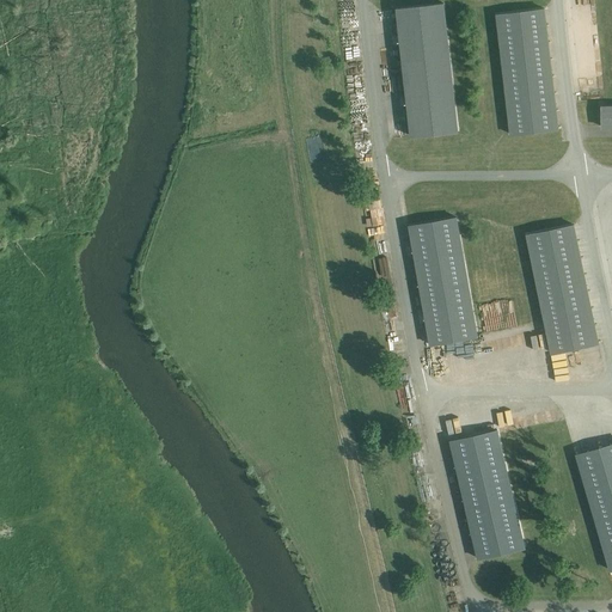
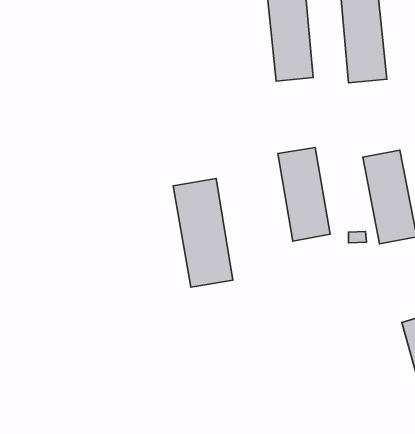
building: none -> [173,178,233,287]
building: [451,434,526,562] -> none

